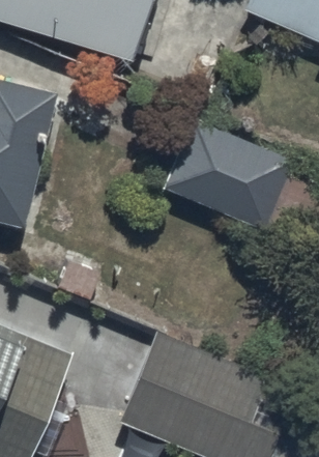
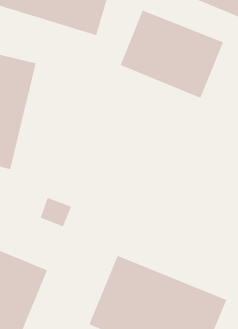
building: [164,119,294,230] -> [120,10,224,98]

